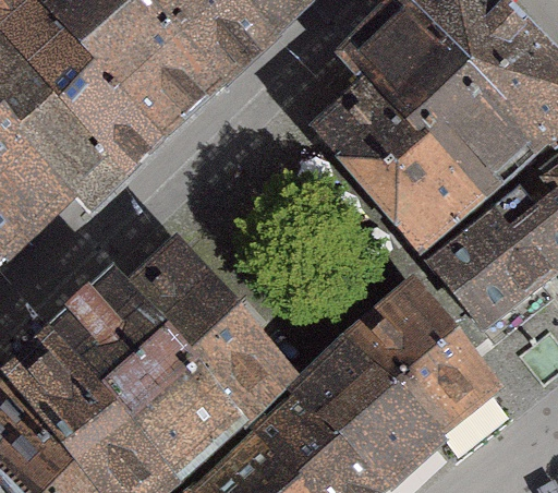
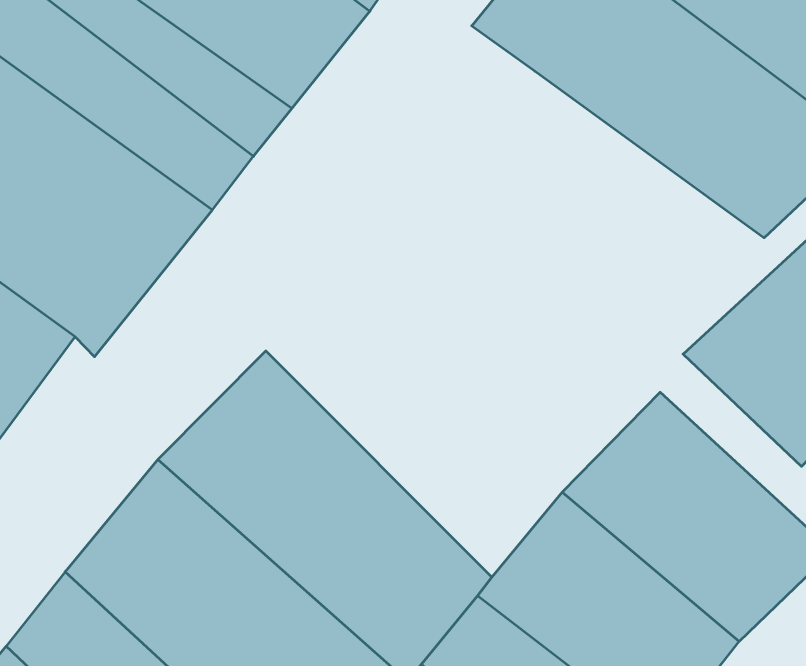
building: [313,85,488,254] -> none

